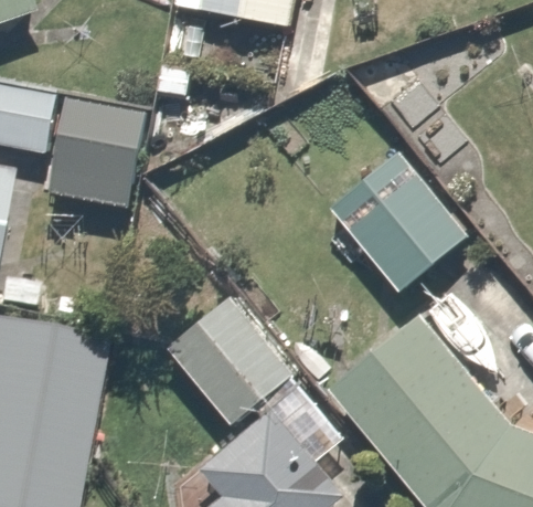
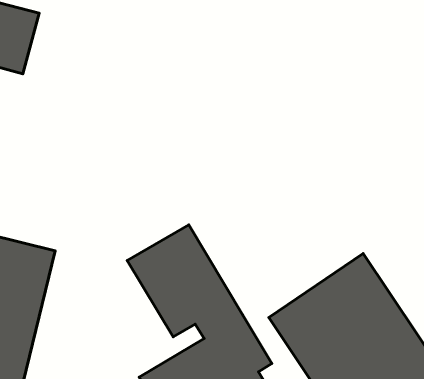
building: [49,110,140,207] -> none
building: [326,151,469,297] -> none

